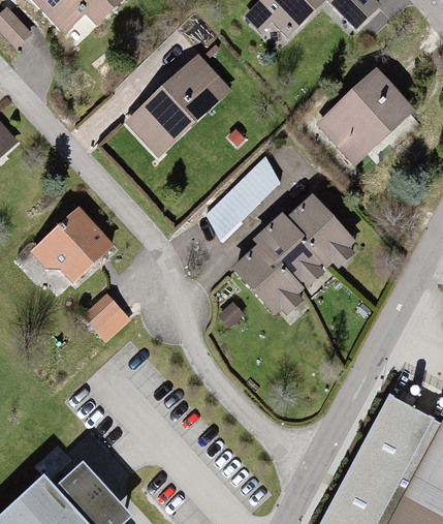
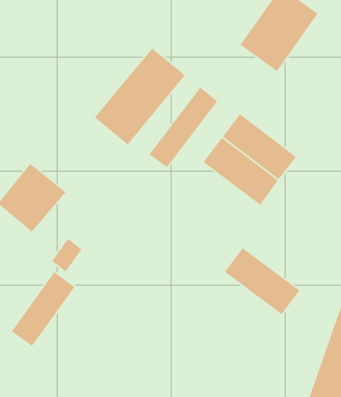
building: [126,58,230,157] -> [94,48,186,145]
building: [236,239,314,317] -> [224,247,300,315]
building: none -> [11,271,75,347]

